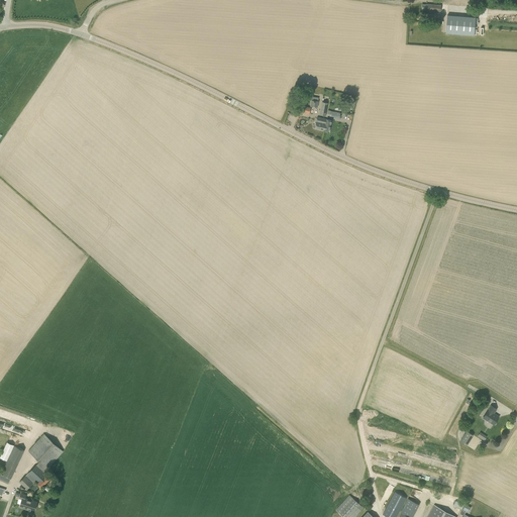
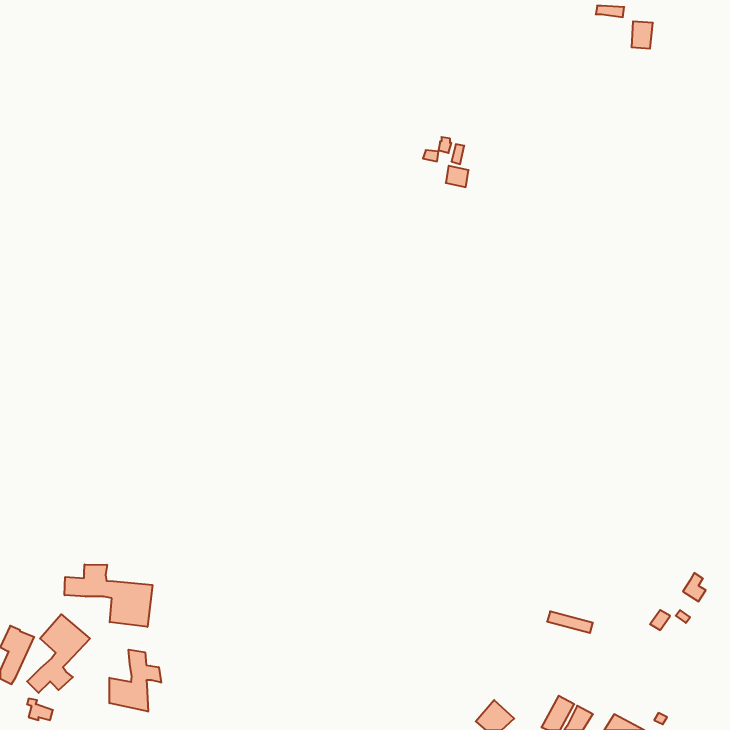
building: none -> [65,564,152,627]
building: none -> [109,650,161,712]

